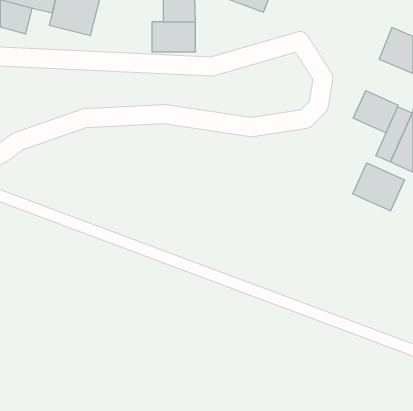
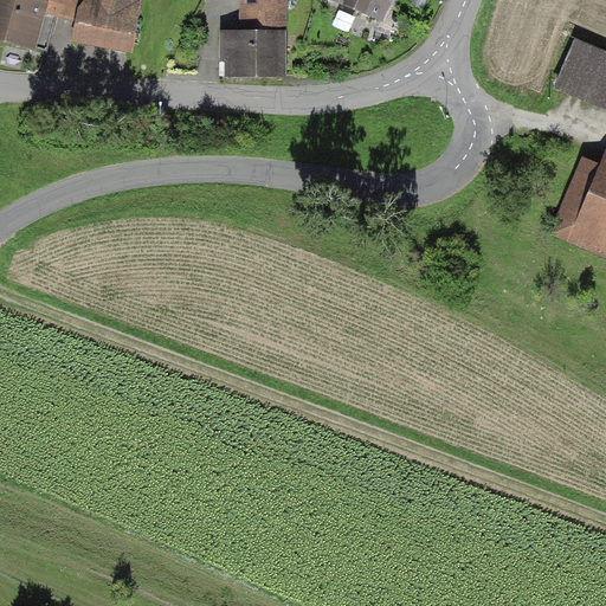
building: [353,91,398,133] -> none
building: [353,163,404,211] -> none

